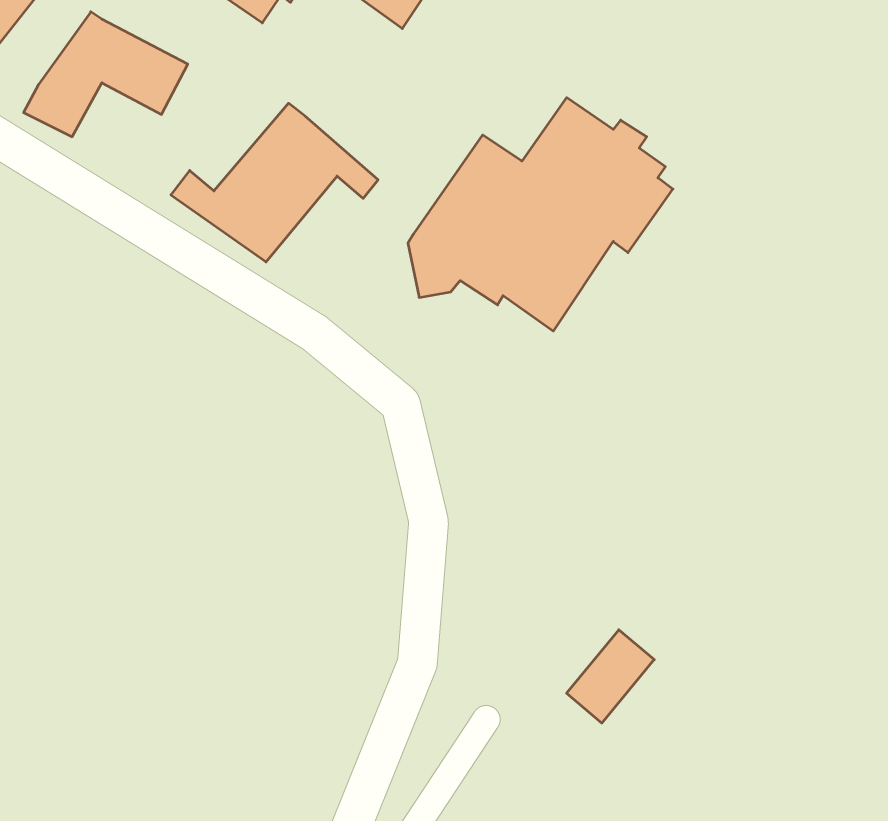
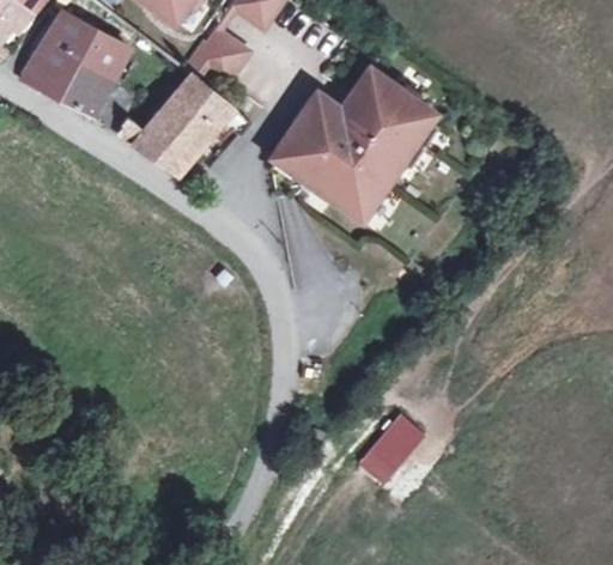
building: none -> [188,31,244,81]
building: none -> [53,59,110,114]

